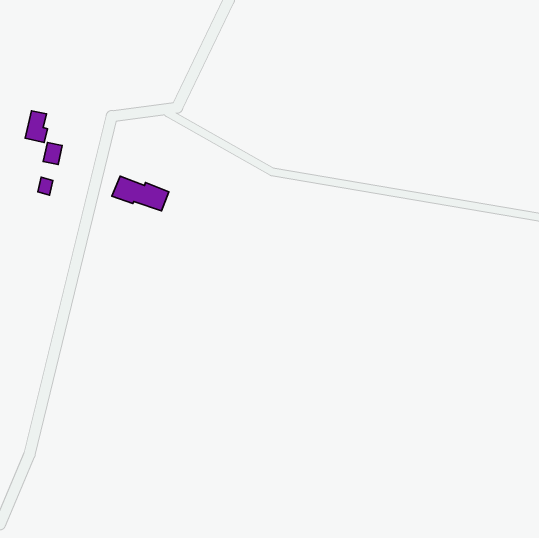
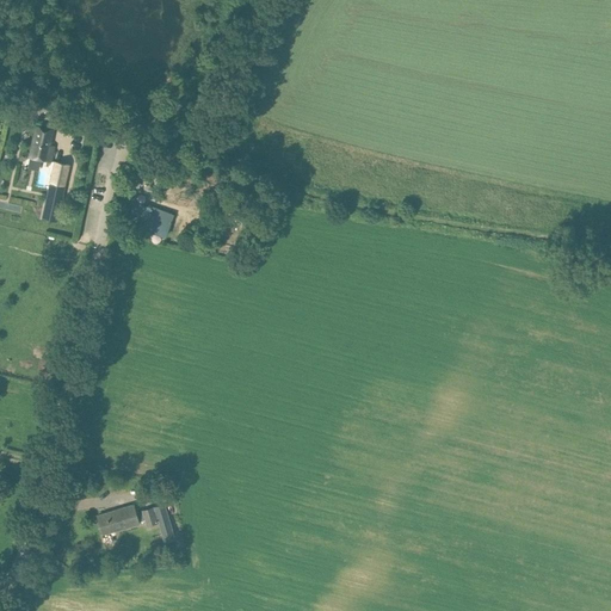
building: none -> [97,505,175,544]

